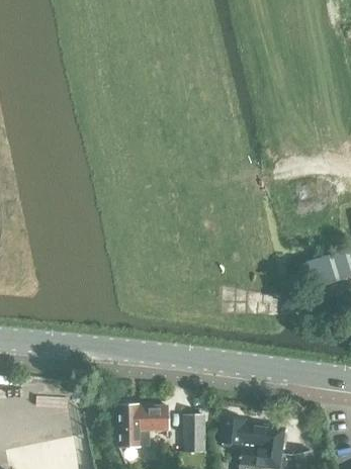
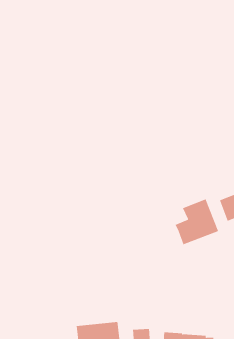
building: none -> [175,199,219,245]

